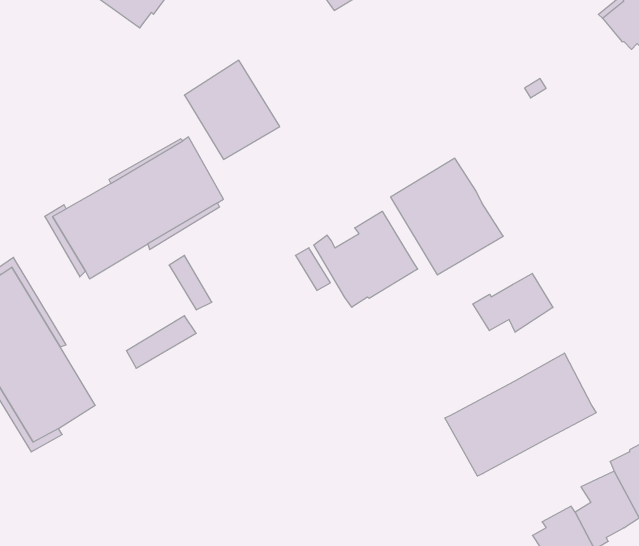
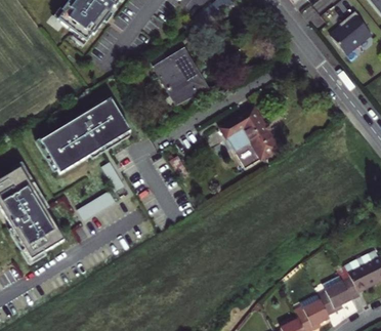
building: [184,60,280,159] -> [154,48,204,100]
building: [314,211,418,307] -> none
building: [473,273,553,332] -> none
building: [445,353,596,476] -> none

